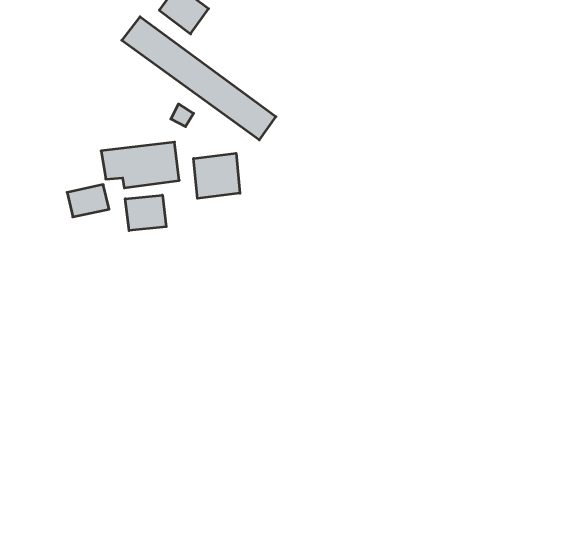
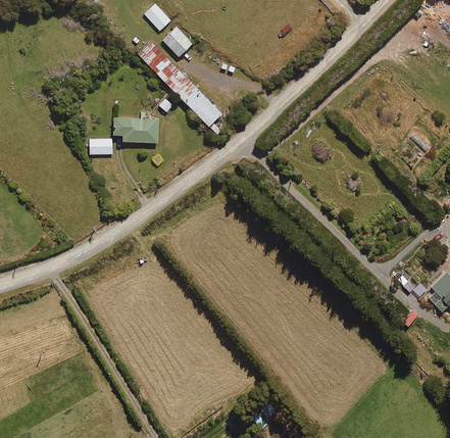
building: [194,153,240,198] -> none
building: [125,195,166,231] -> none

